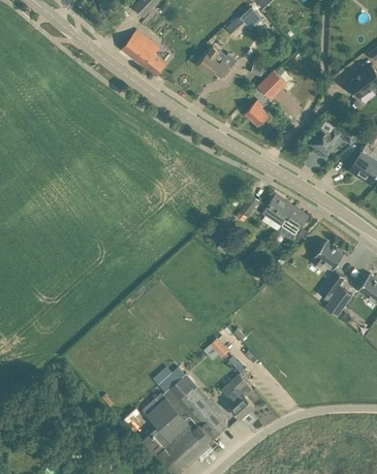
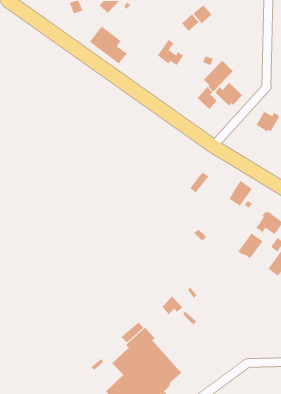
building: none -> [214,82,243,107]
building: [261,194,294,231] -> none
building: none -> [237,232,263,259]
building: [222,374,254,417] -> none

